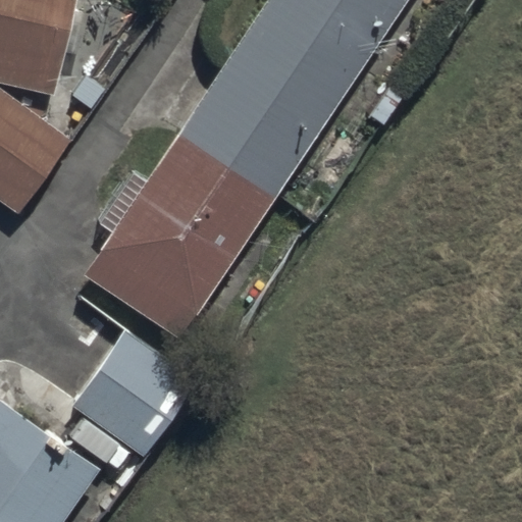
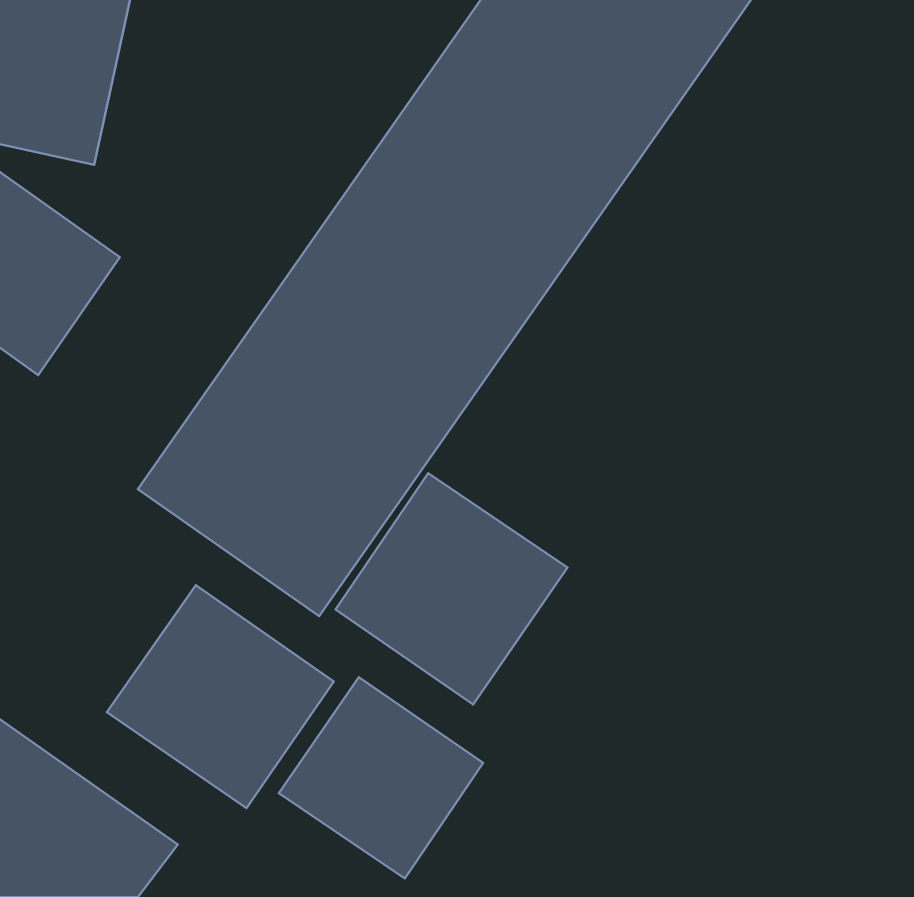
building: none -> [336,473,567,704]
building: none -> [279,677,483,878]

